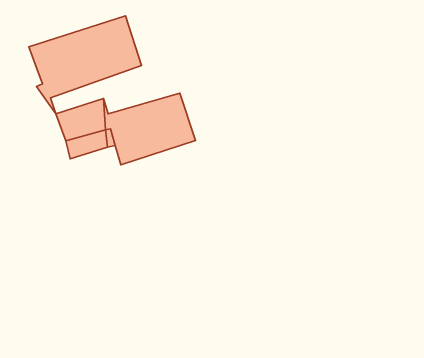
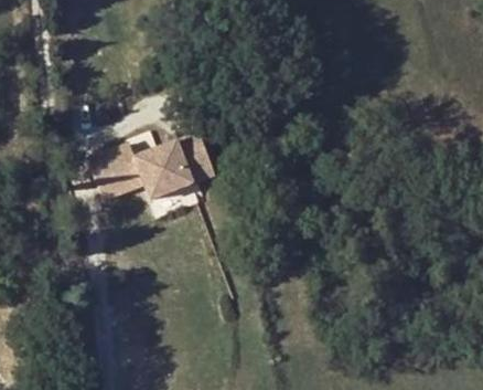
building: [29,16,142,114] -> none

